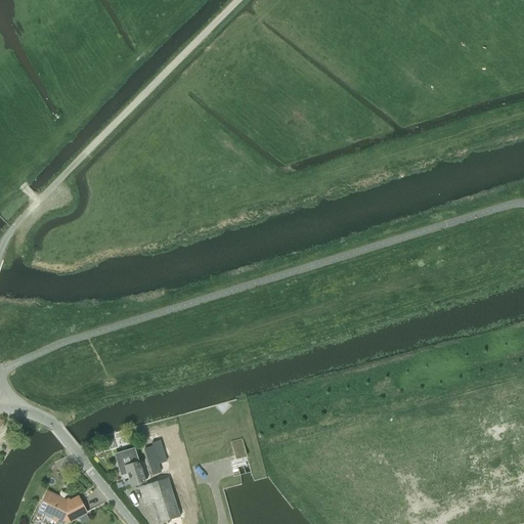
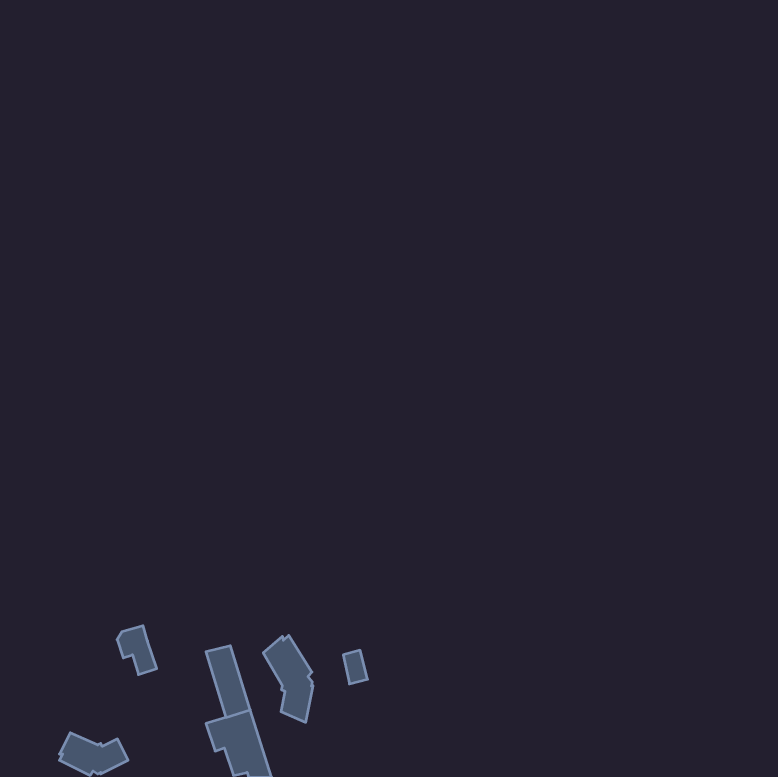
building: none -> [263,635,313,722]
building: [118,450,144,483] -> [117,626,157,675]

